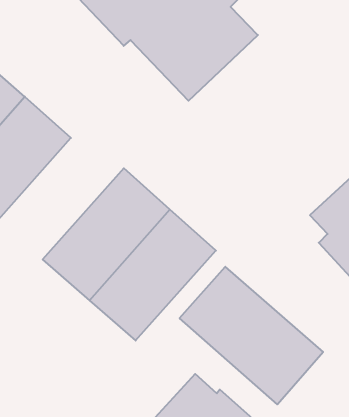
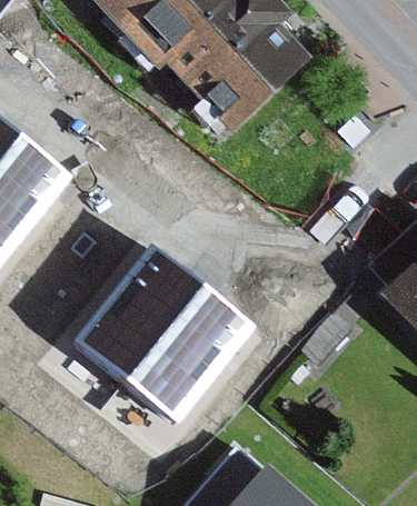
building: [180,267,323,404] -> none

